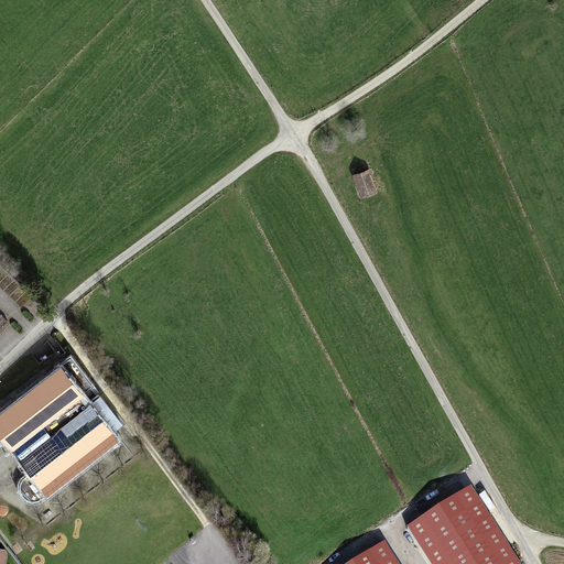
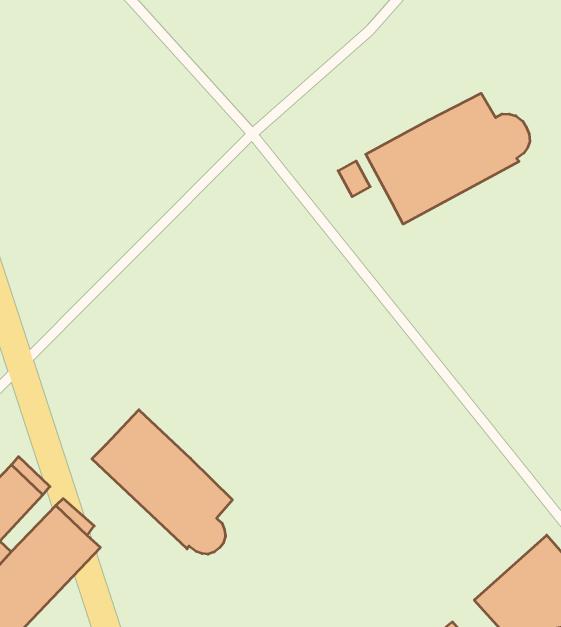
building: none -> [366,93,530,224]
building: none -> [92,410,232,554]

